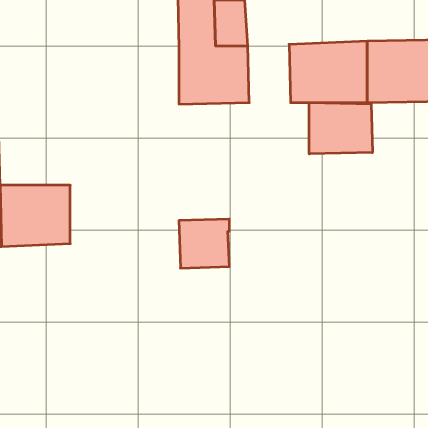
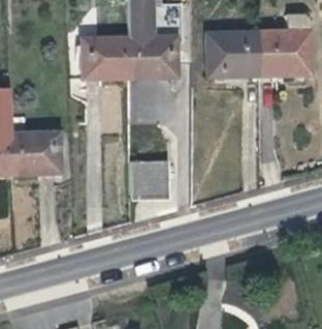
building: none -> [82,40,130,80]
building: [309,103,372,154] -> none

